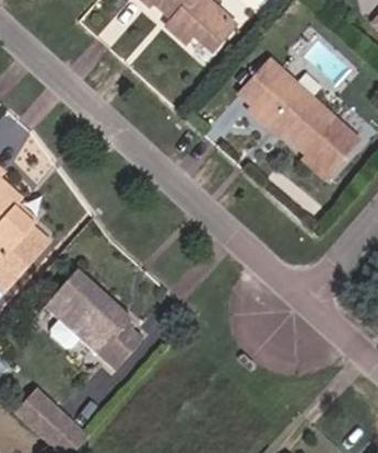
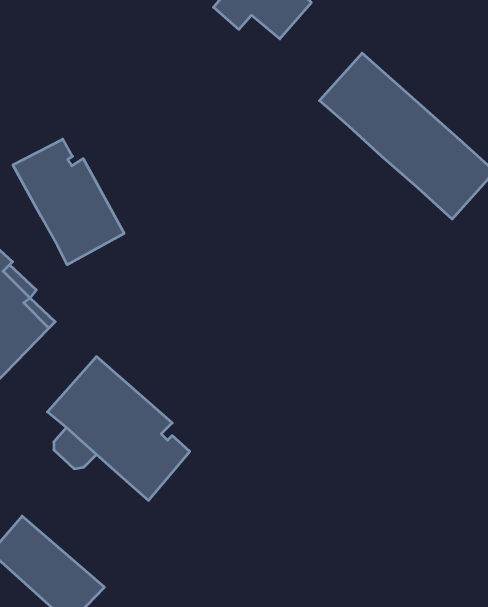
building: none -> [13,139,124,265]

